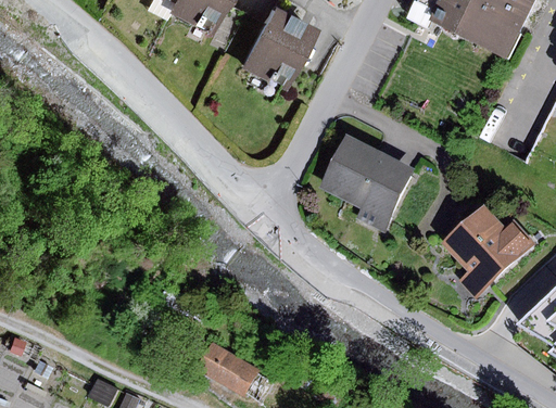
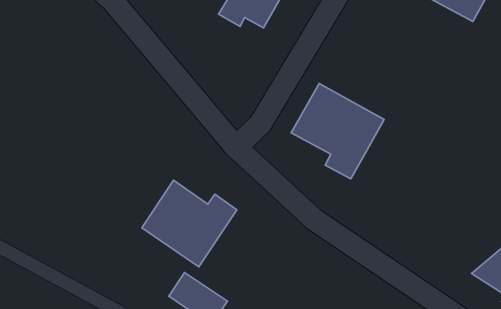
building: [443,204,534,296] -> none
building: none -> [142,180,237,267]

